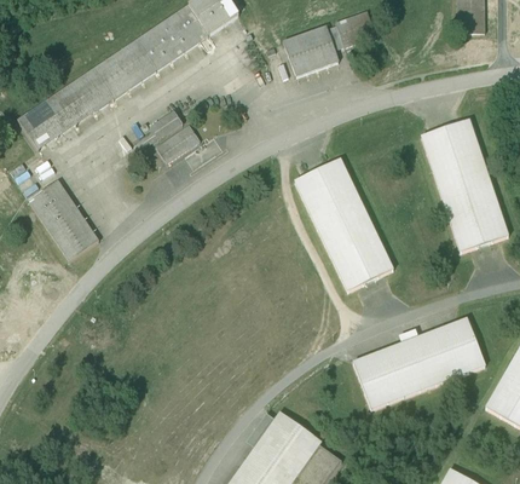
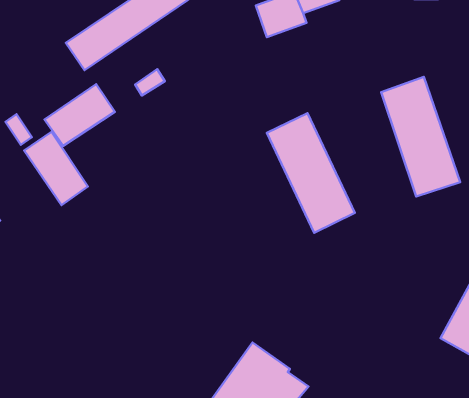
building: [17,81,94,149] -> [45,84,115,146]
building: [156,123,200,162] -> none
building: [353,317,485,408] -> none

